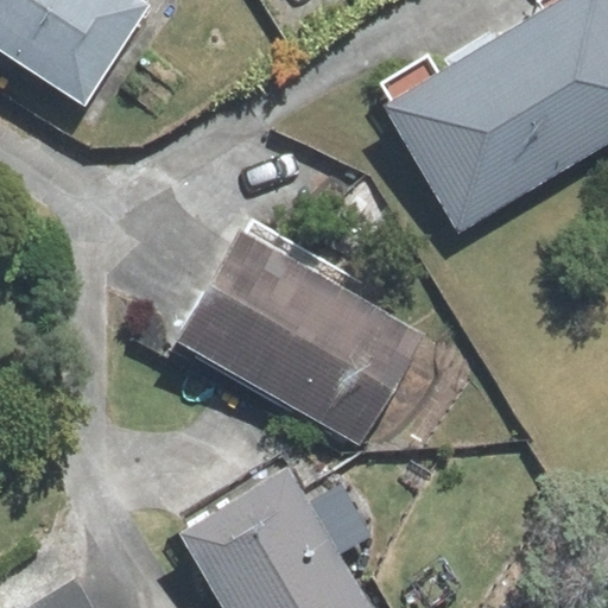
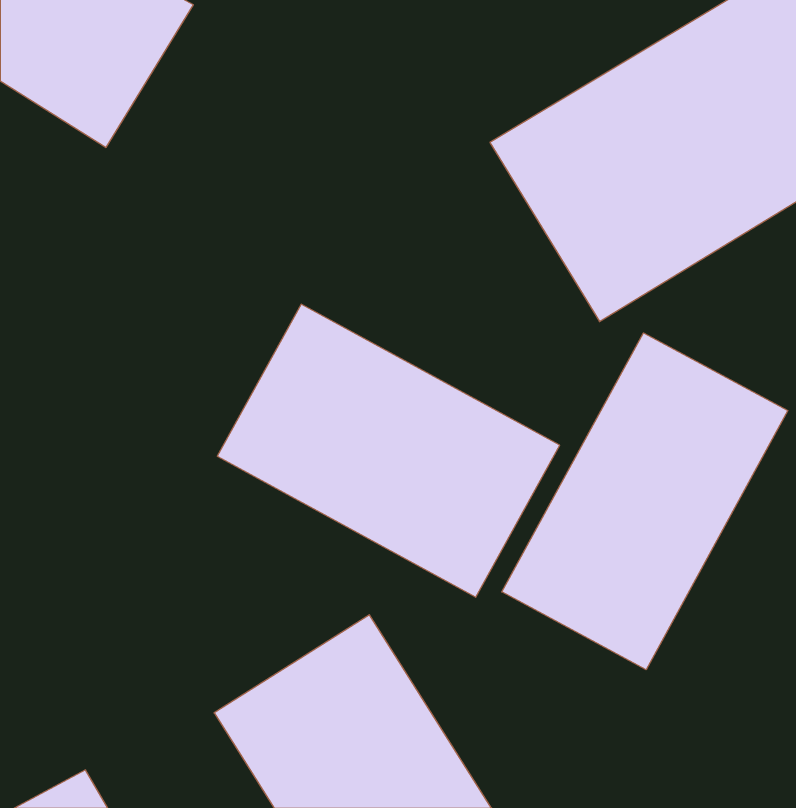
building: none -> [502,333,788,670]

